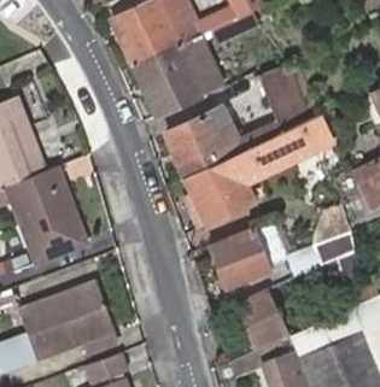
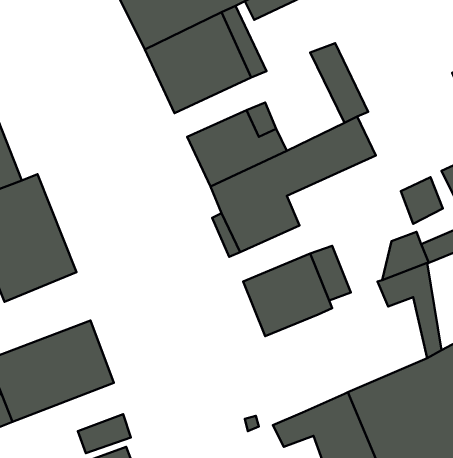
building: [235,289,288,350] -> none

